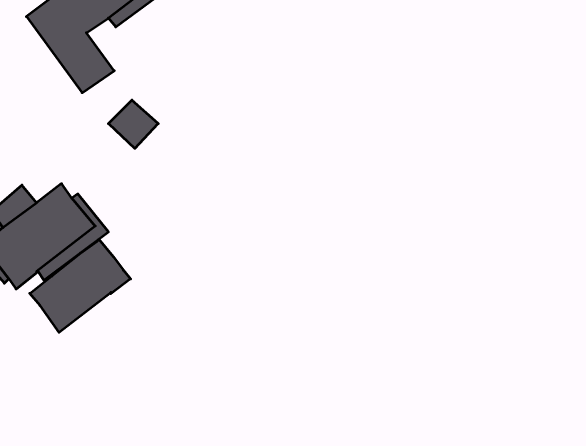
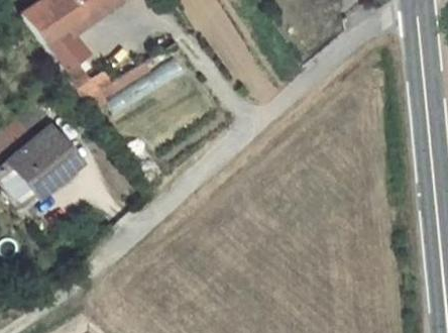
building: [30,239,131,332] -> none

